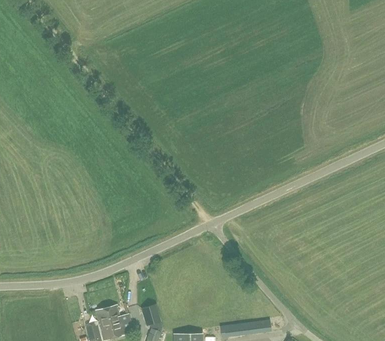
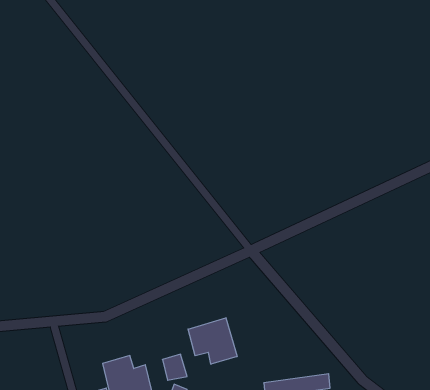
building: none -> [188,318,237,364]

